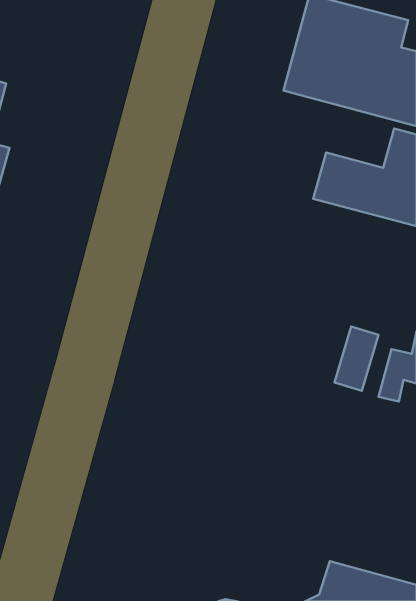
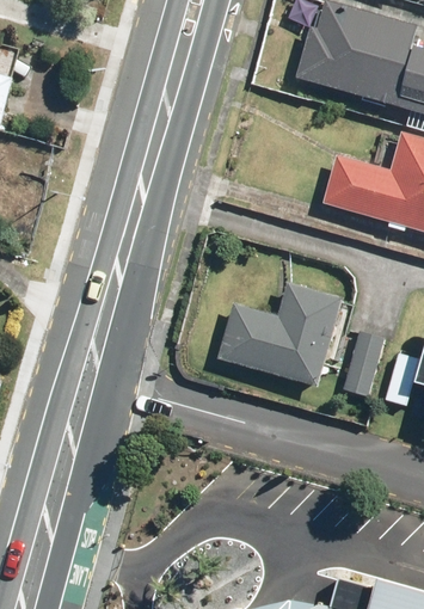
building: none -> [217,284,338,386]

